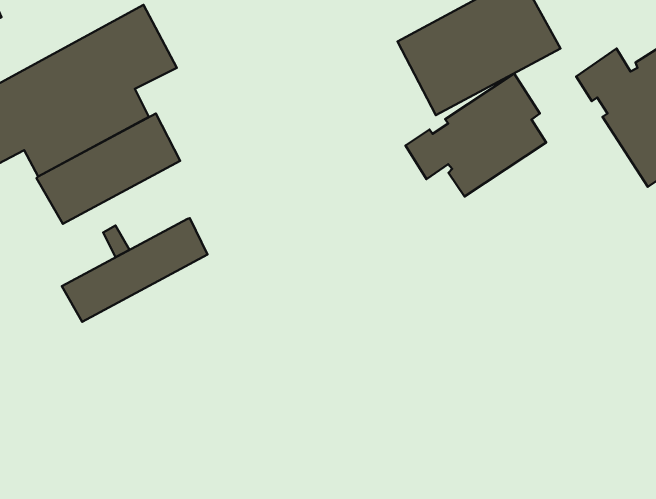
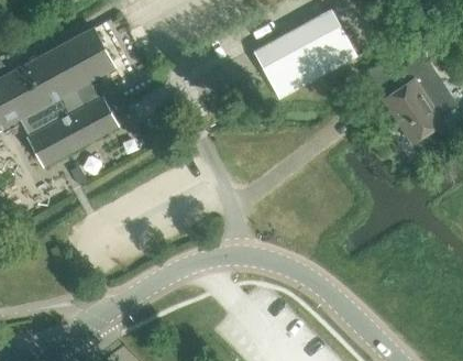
building: [406,73,546,196] -> none
building: [62,218,208,322] -> none

